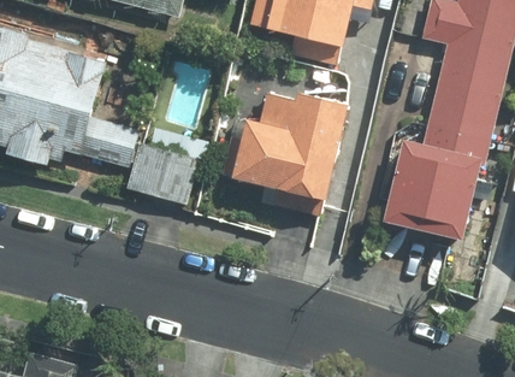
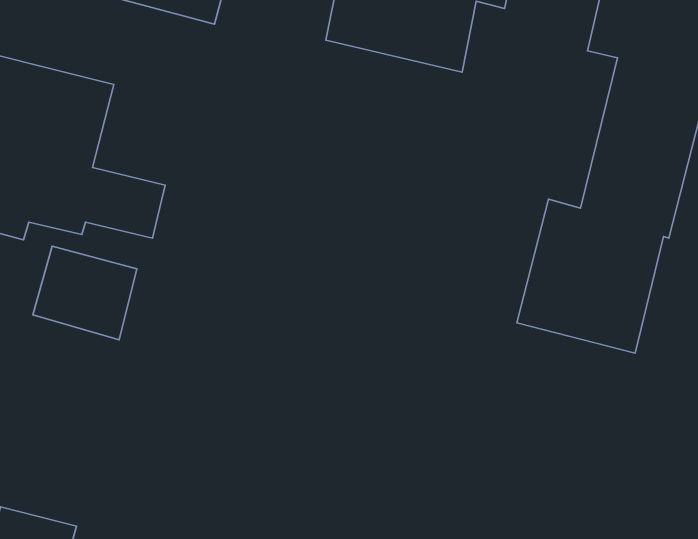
building: [223,90,347,205] -> none
building: [128,142,199,206] -> [33,246,137,340]

